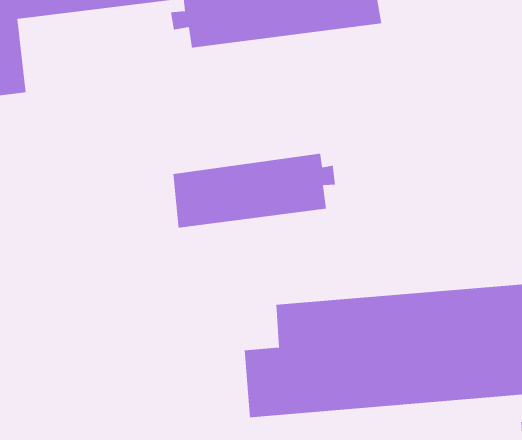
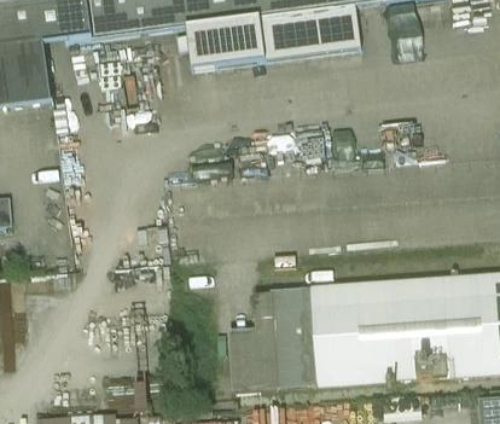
building: [173,153,336,229] -> none

